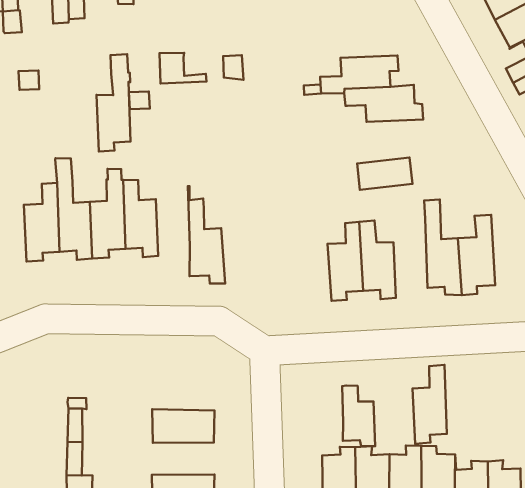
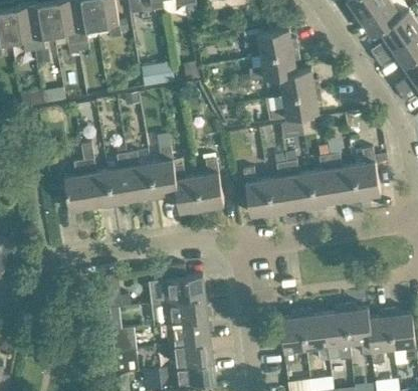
building: none -> [243,29,298,56]
building: [97,54,131,152] -> [151,135,177,201]
building: none -> [271,90,322,121]
building: none -> [197,158,224,214]
building: none -> [243,169,274,219]
building: none -> [154,265,206,303]
building: [413,365,447,444] -> [310,156,337,210]
building: [342,385,375,446] -> none
building: none -> [168,320,211,346]

